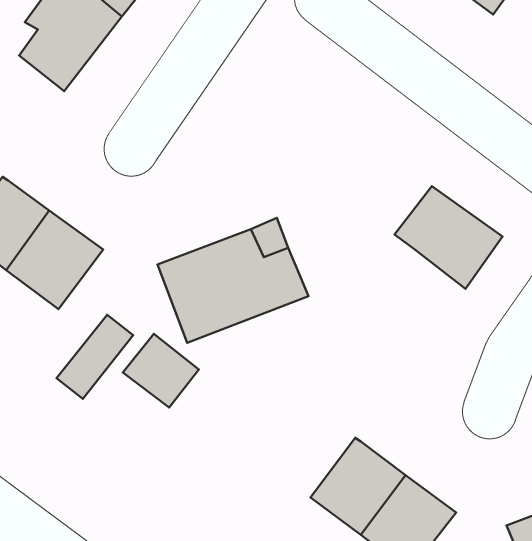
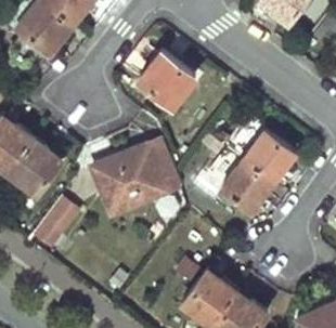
building: none -> [139,51,195,105]
building: none -> [214,158,272,214]
building: [123,334,199,408] -> none

